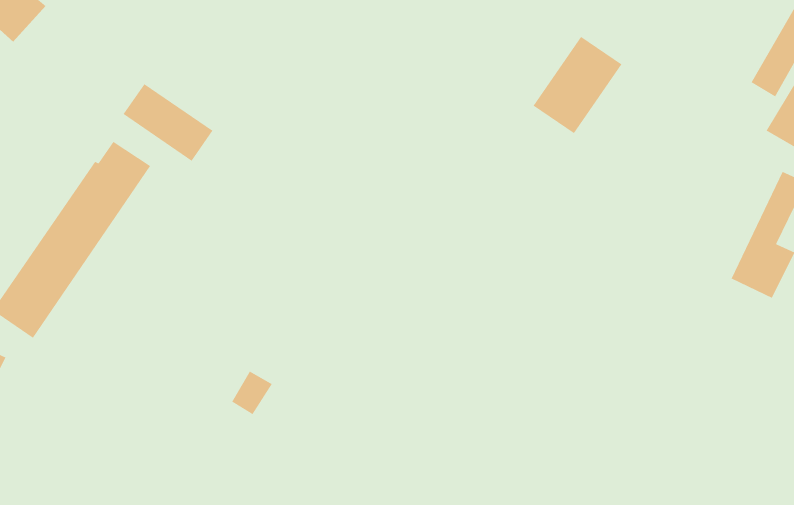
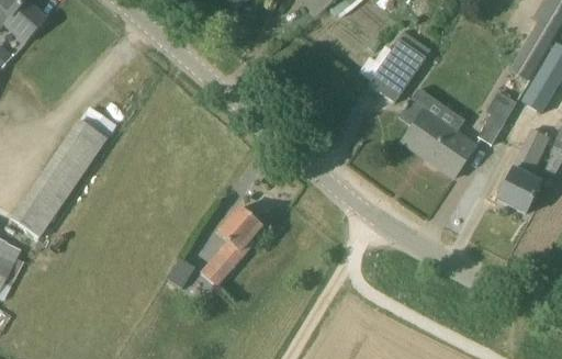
building: [122,83,214,162] -> none
building: none -> [476,90,515,144]
building: none -> [397,94,475,177]
building: none -> [199,206,262,289]

